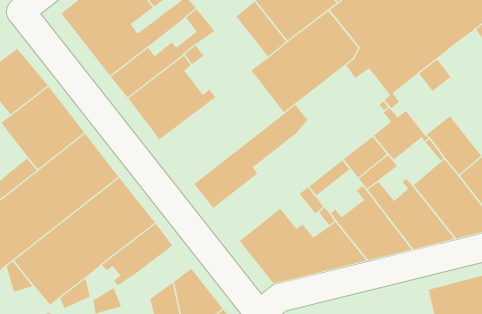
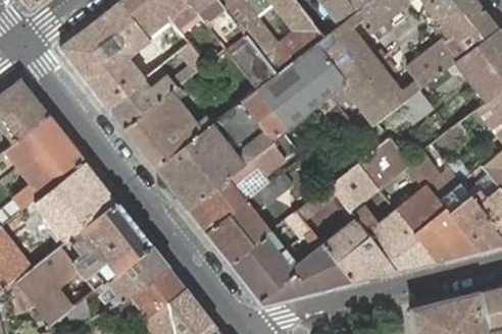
building: none -> [154,102,272,210]
building: none -> [205,172,293,264]
building: none -> [125,268,185,324]

